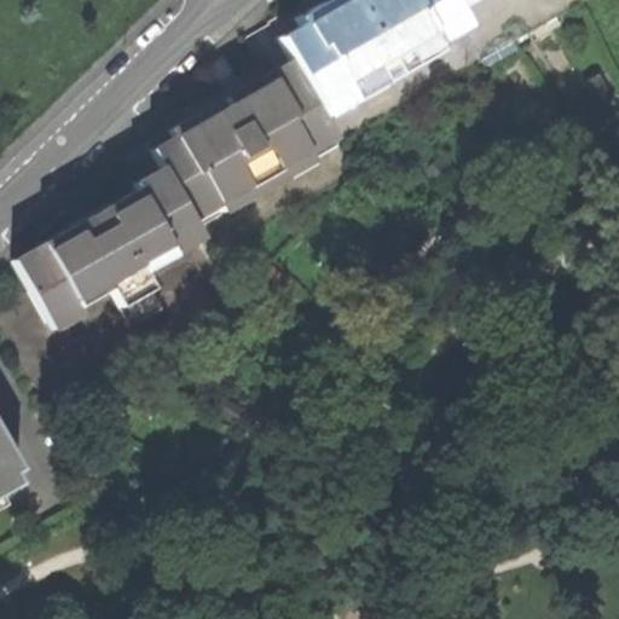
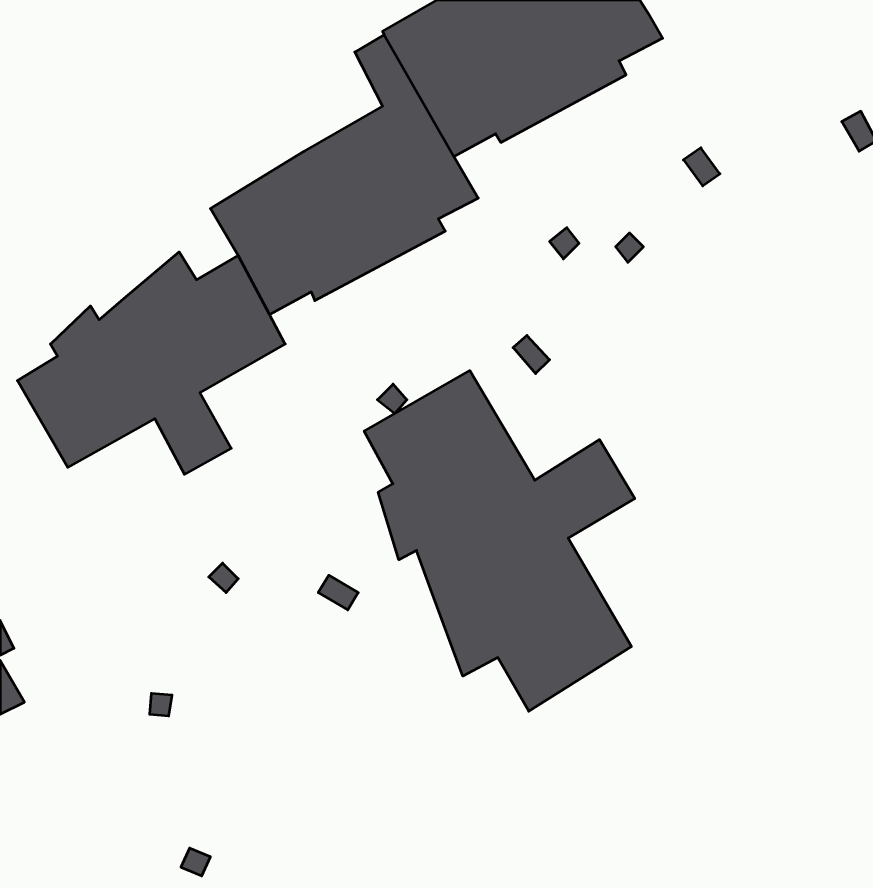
building: none -> [364,371,635,711]

